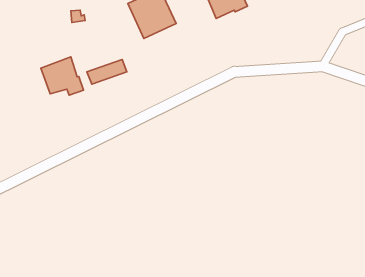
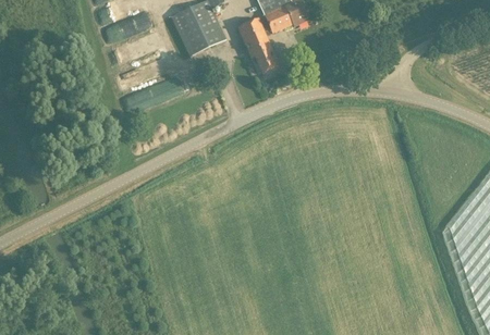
building: none -> [237,18,279,74]
building: [41,57,84,95] -> none

